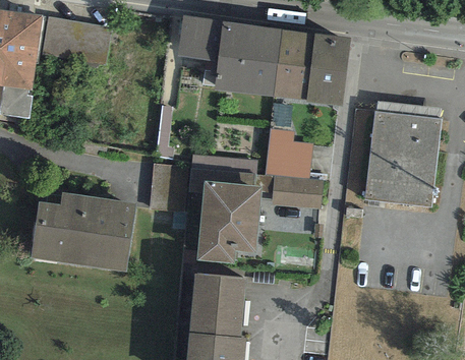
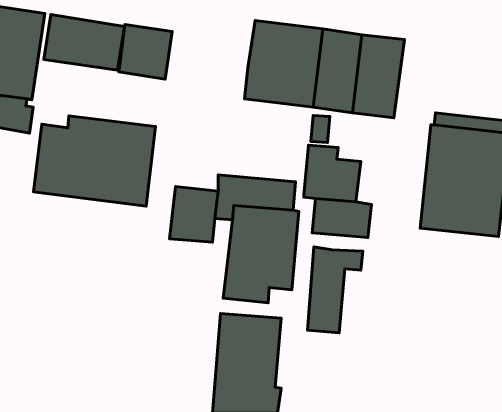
building: [176,15,222,62] -> [119,24,172,79]
building: [30,192,134,269] -> [33,116,156,206]
building: none -> [307,247,363,333]

